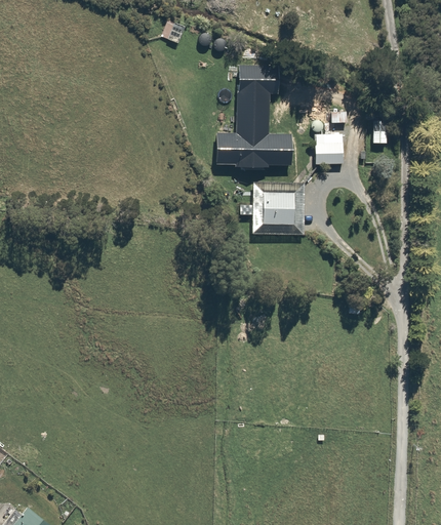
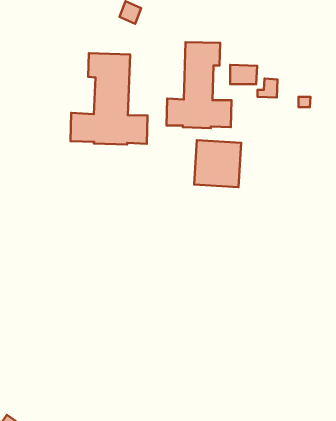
building: none -> [70,53,148,145]
building: [313,142,345,164] -> [230,65,257,84]

